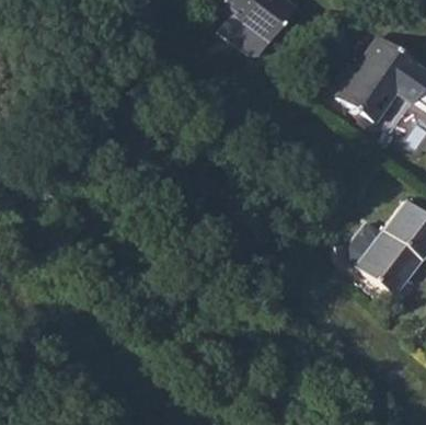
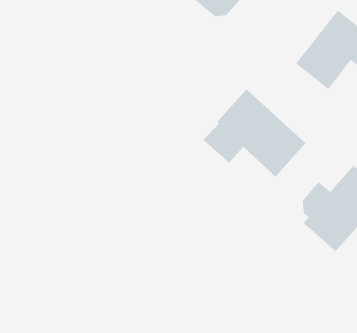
building: none -> [202,89,306,178]

